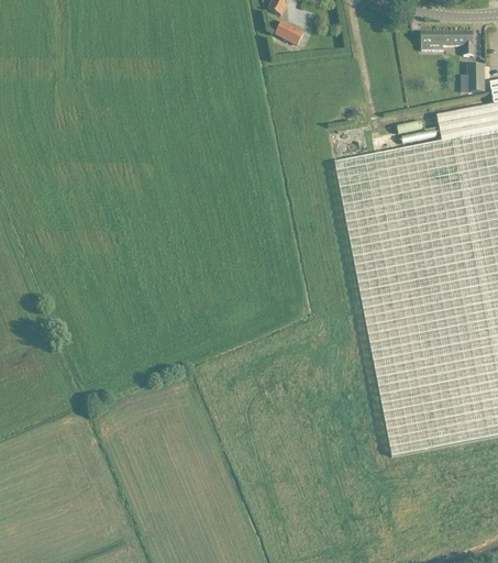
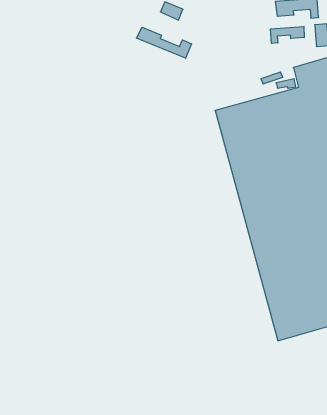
building: none -> [136,27,192,58]
building: none -> [270,26,304,43]

